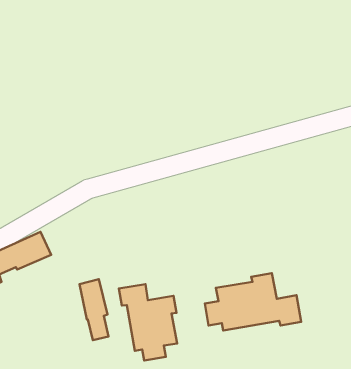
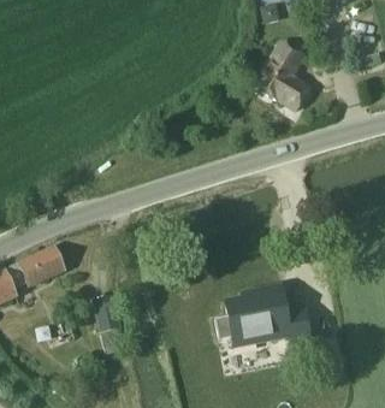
building: none -> [256,41,312,108]
building: [119,284,177,361] -> none

